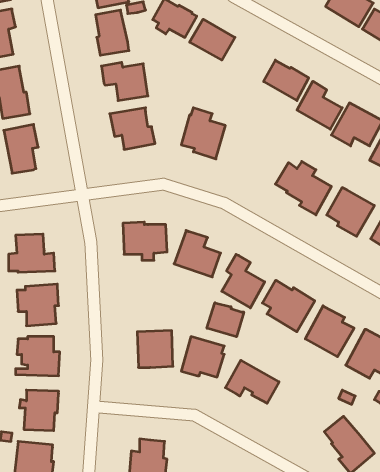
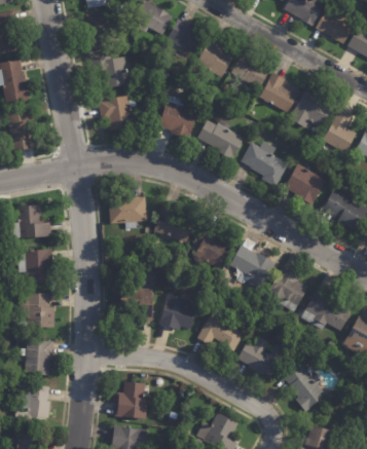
building: none -> [196,37,233,78]
building: none -> [197,117,244,162]
building: [207,303,244,337] -> none
building: none -> [237,335,286,376]

